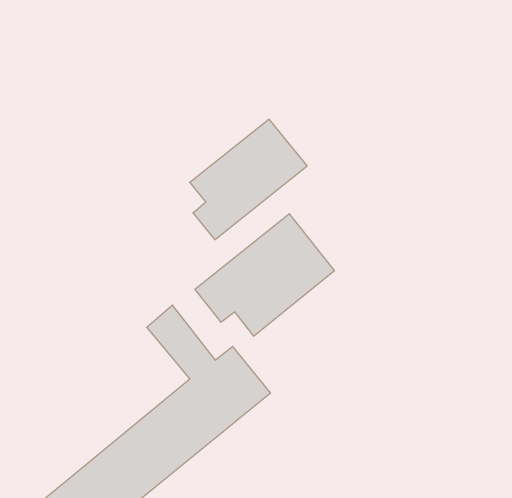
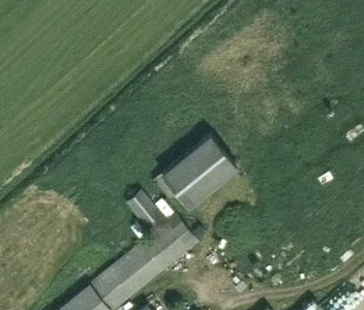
building: [190,119,307,240] -> none

